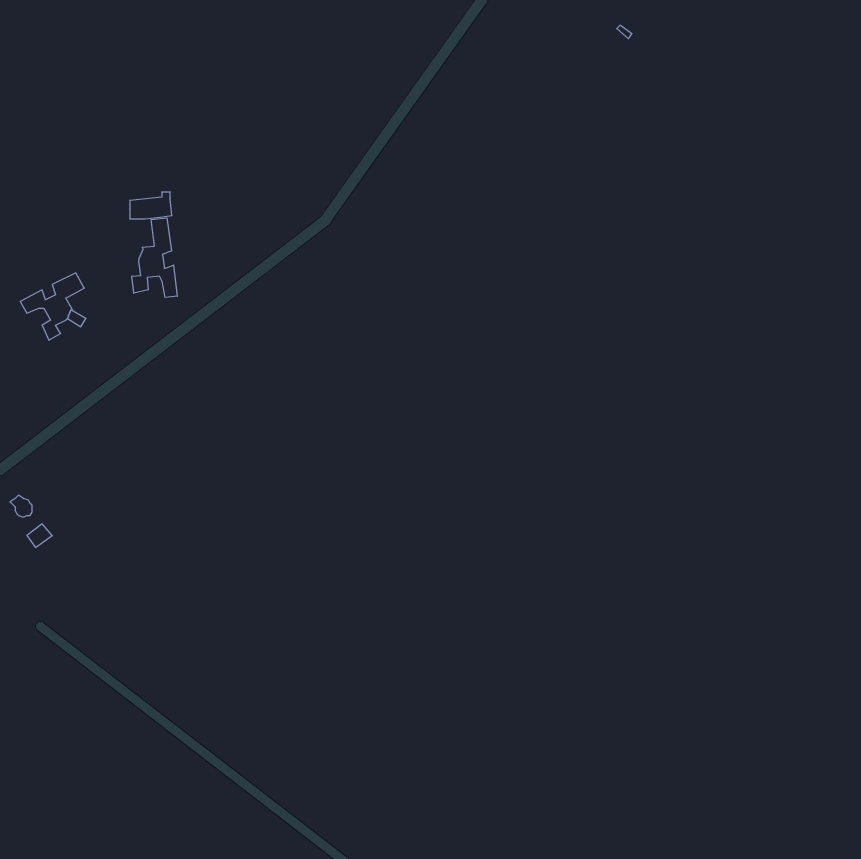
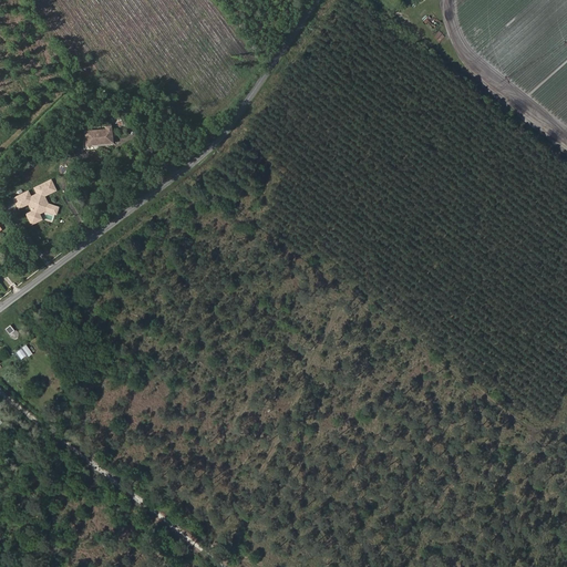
building: [132,218,177,297] -> none

